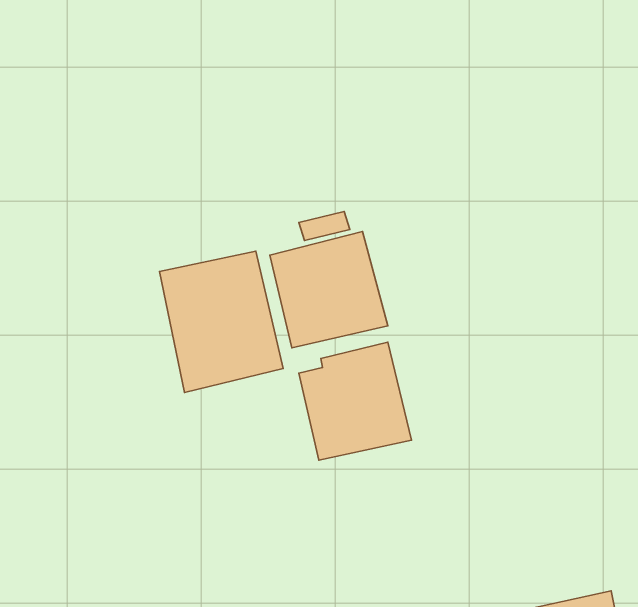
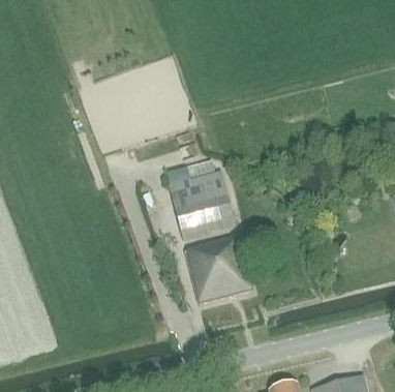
building: [159,251,283,393] -> none

